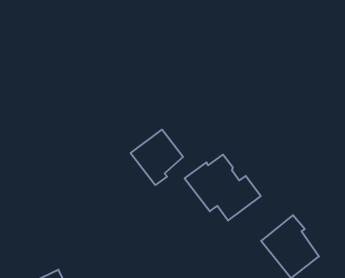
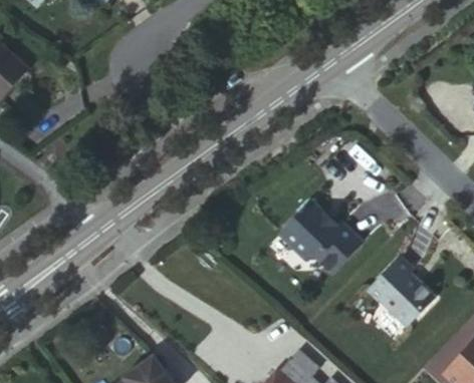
building: [131,130,183,185] -> none

